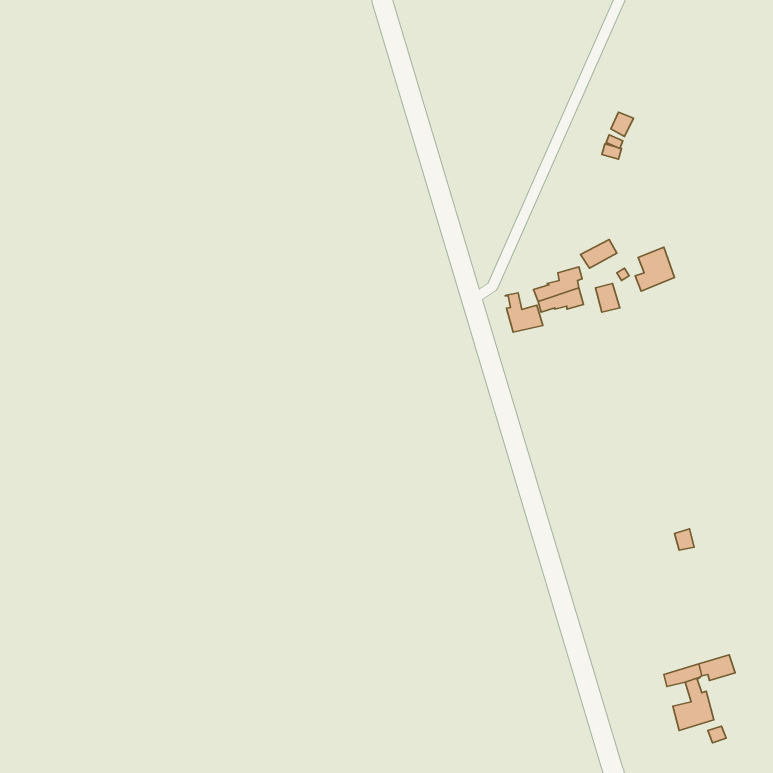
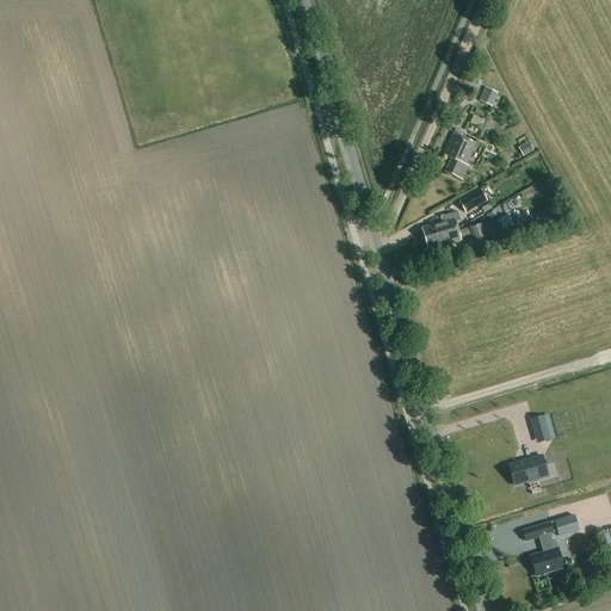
building: none -> [443,132,475,177]
building: [505,293,543,332] -> none
building: none -> [511,453,549,483]

